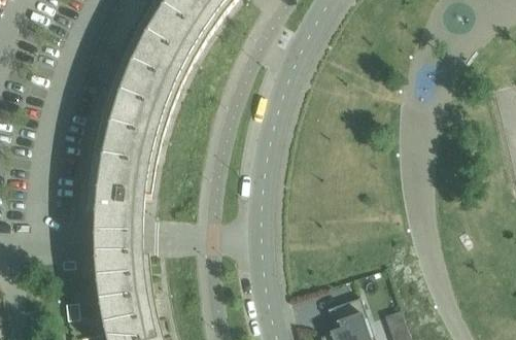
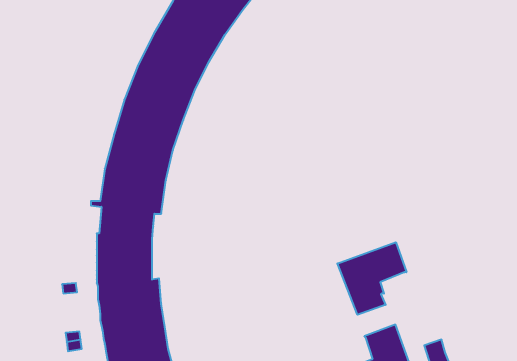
building: none -> [337,242,406,315]

